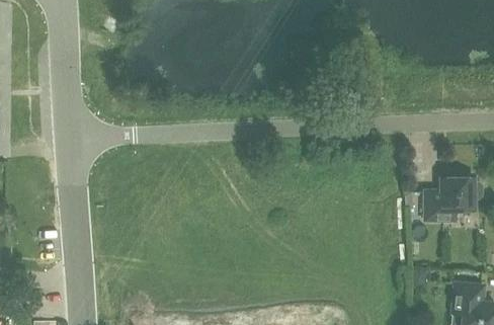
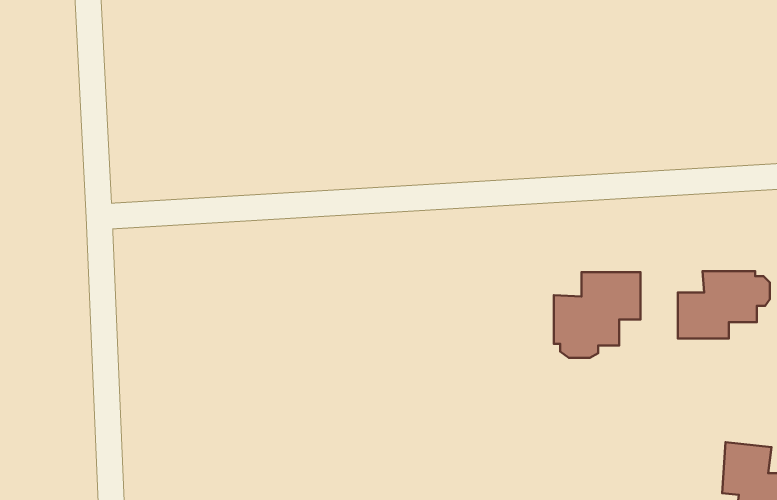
building: none -> [554,272,640,358]

